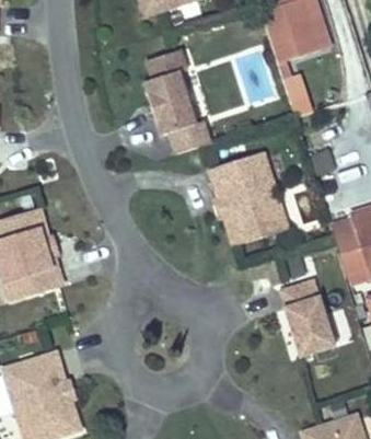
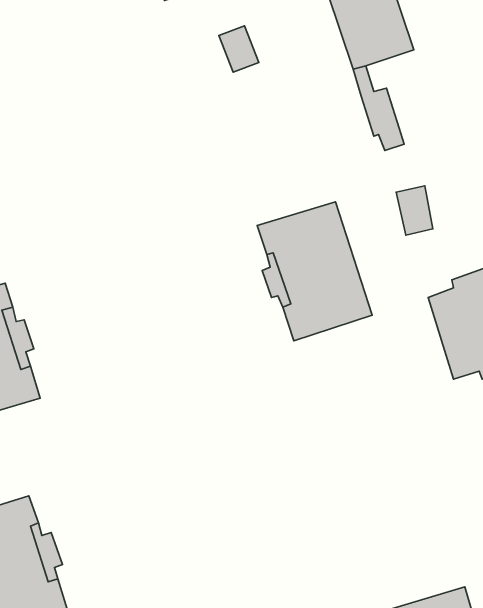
building: [143,50,213,155] -> none
building: [282,279,337,360] -> none

